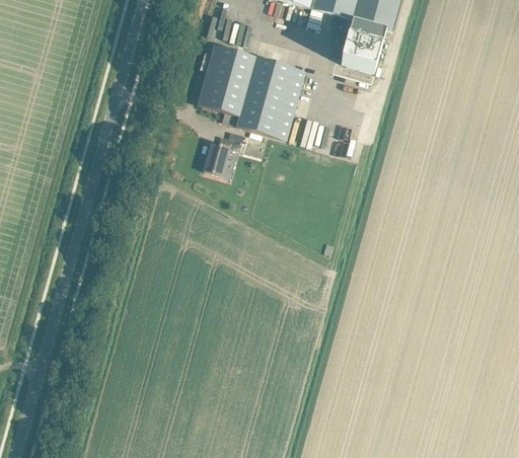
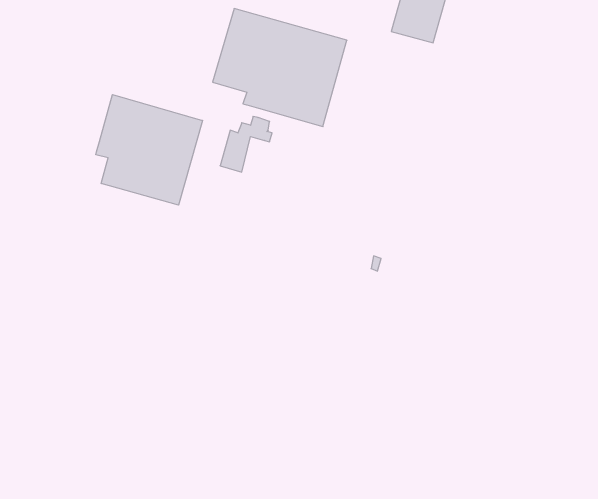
building: none -> [96,95,203,205]

